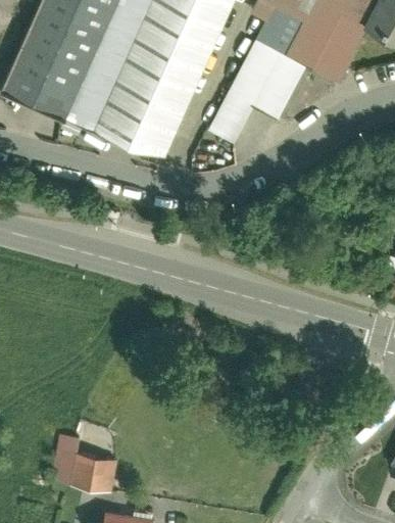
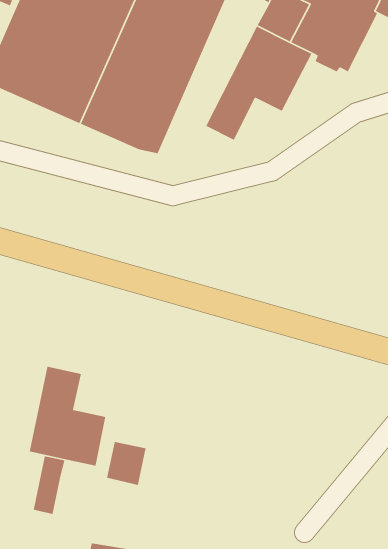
building: none -> [29,366,106,467]
building: [69,450,106,491] -> [106,441,146,486]

